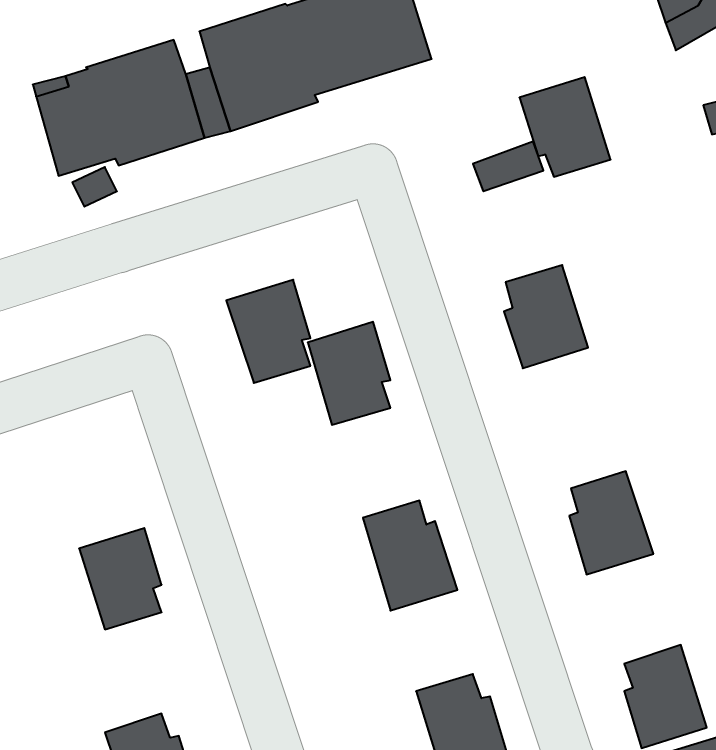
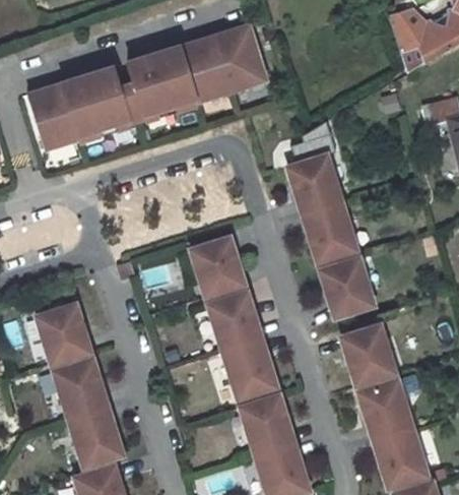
building: [519,77,611,177] -> [286,151,340,210]
building: [226,280,310,383] -> [206,289,256,350]
building: none -> [319,255,373,314]
building: none -> [38,301,86,362]
building: none -> [357,377,410,436]
building: none -> [239,392,288,452]
building: none -> [70,406,124,465]

